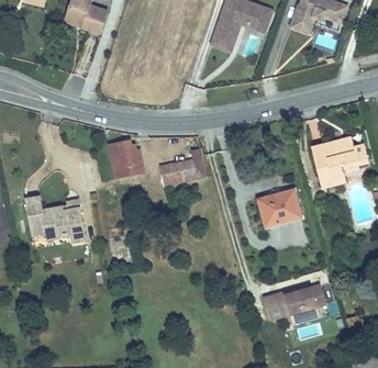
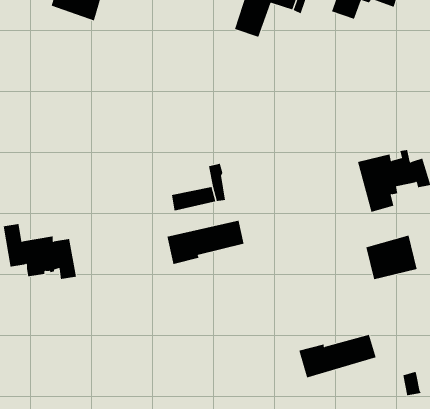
building: [109,141,144,178] -> none
building: [258,190,300,226] -> [365,235,417,280]
building: none -> [167,220,244,265]

